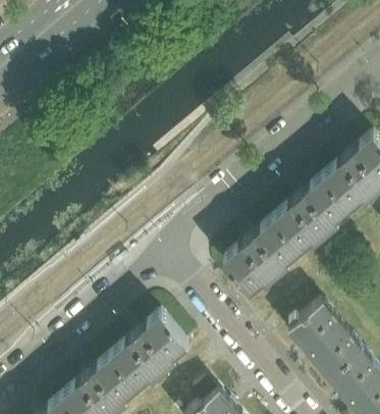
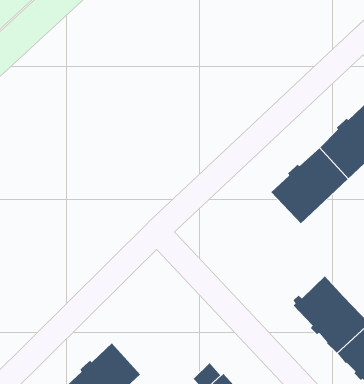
building: [222,216,301,292] -> none
building: [111,311,187,385] -> none

